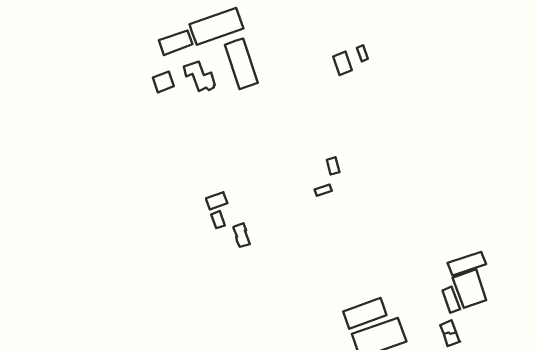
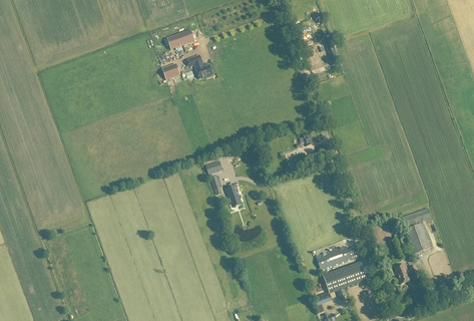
building: [189,8,244,45] -> none
building: [225,38,258,89] -> none

